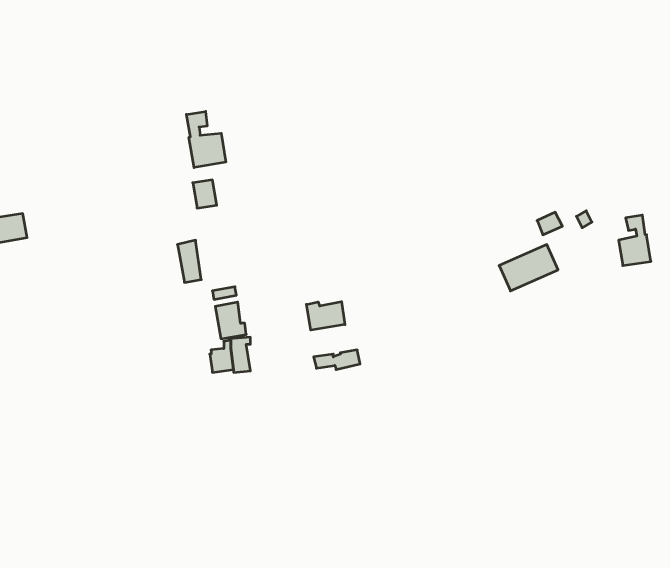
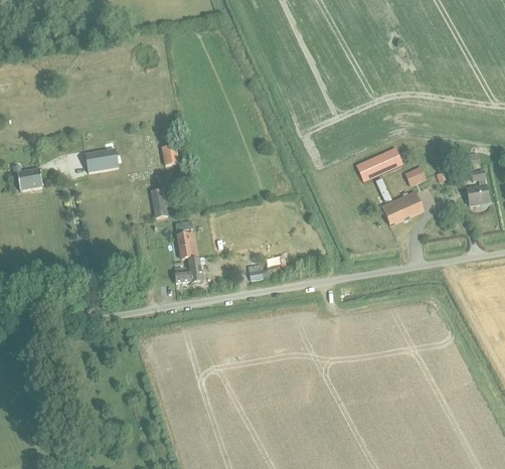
building: [186,111,226,168] -> none
building: none -> [355,148,402,181]
building: none -> [85,149,118,173]
building: [306,302,345,330] -> none

